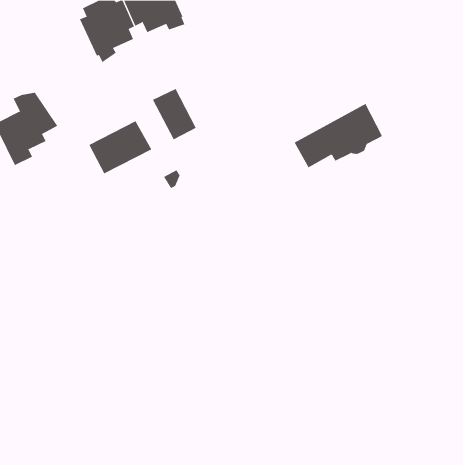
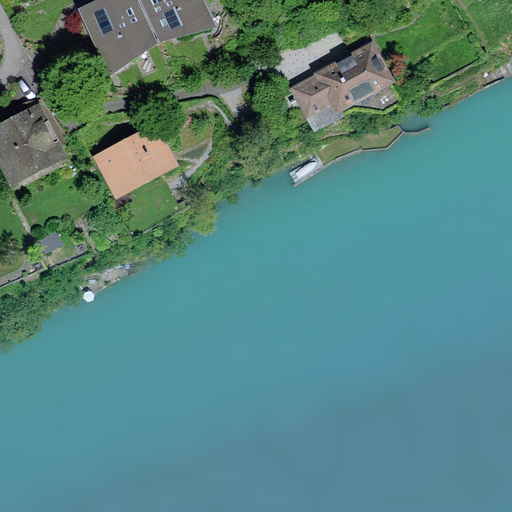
building: [152,88,197,140] -> none
building: [294,103,383,168] -> [289,47,387,118]

